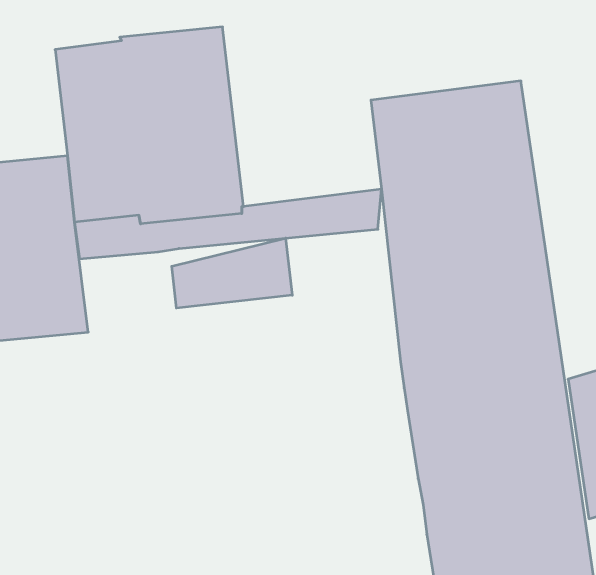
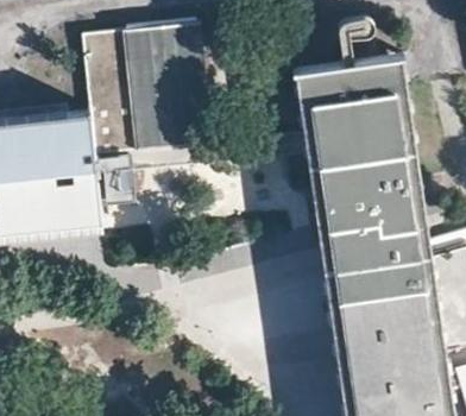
building: [172,238,292,308] -> none

